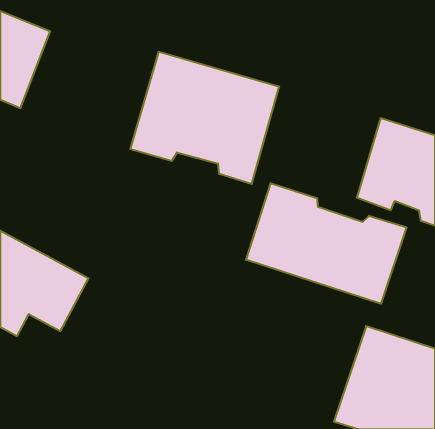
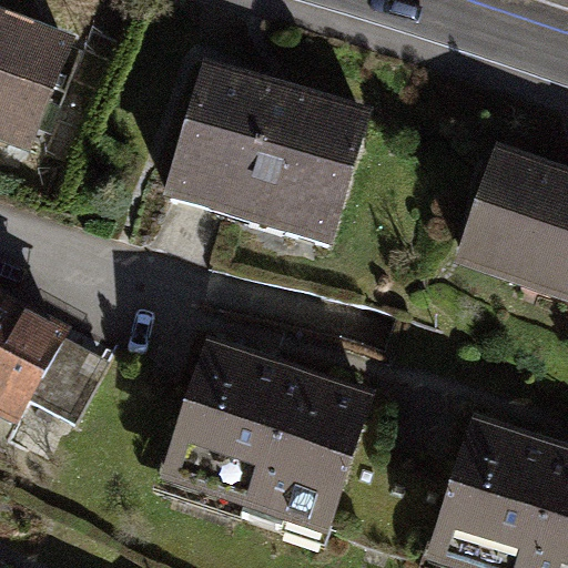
building: [246,183,406,304] -> none
building: none -> [168,343,365,525]

